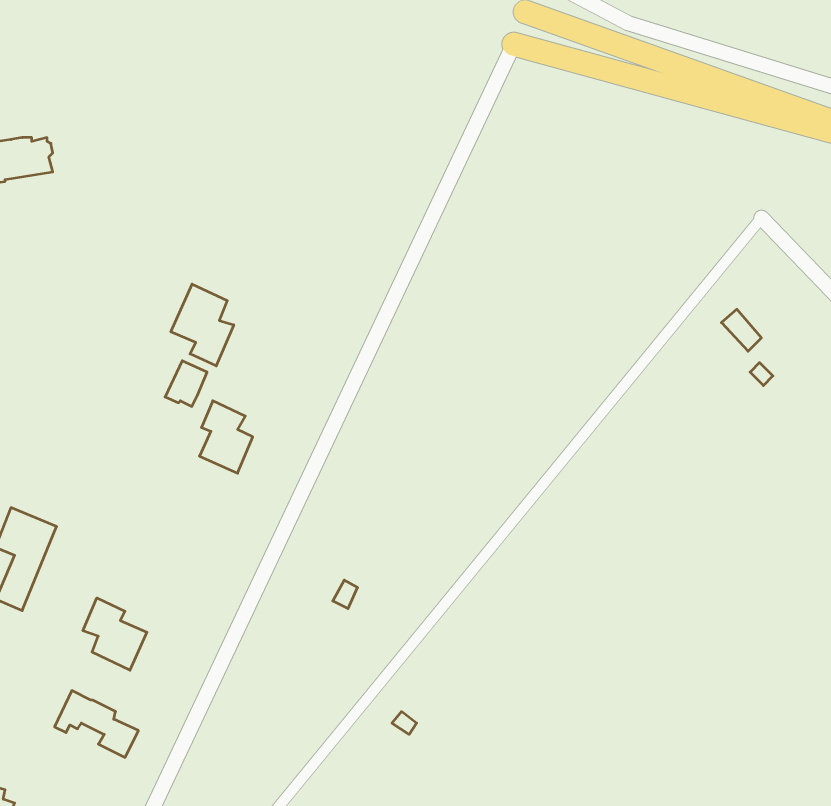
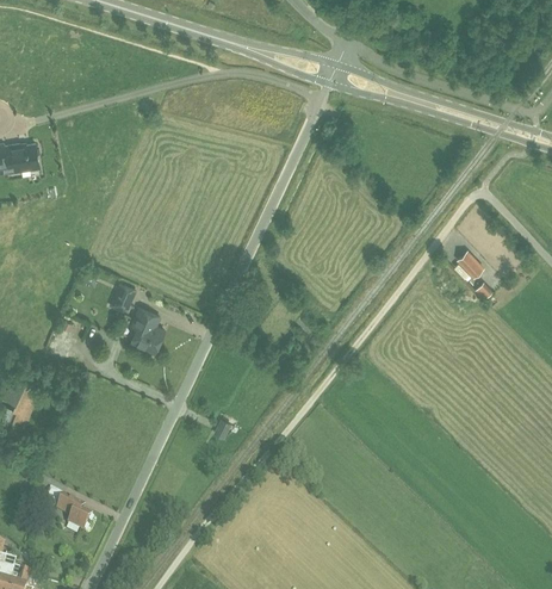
building: [171,284,234,366] -> none
building: [83,598,147,670] -> none

